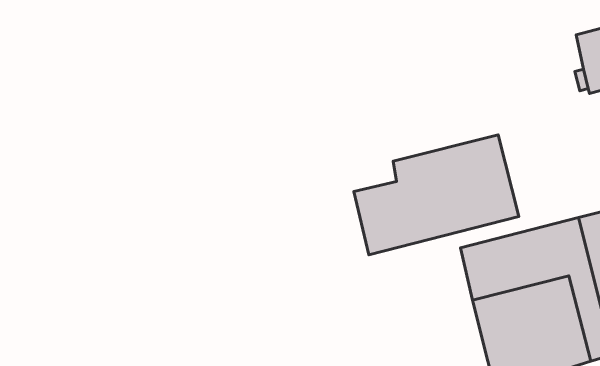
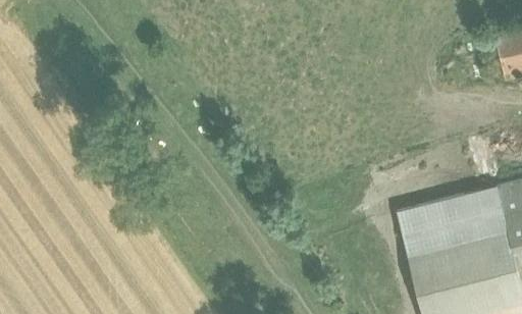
building: [354,135,519,255] -> none

